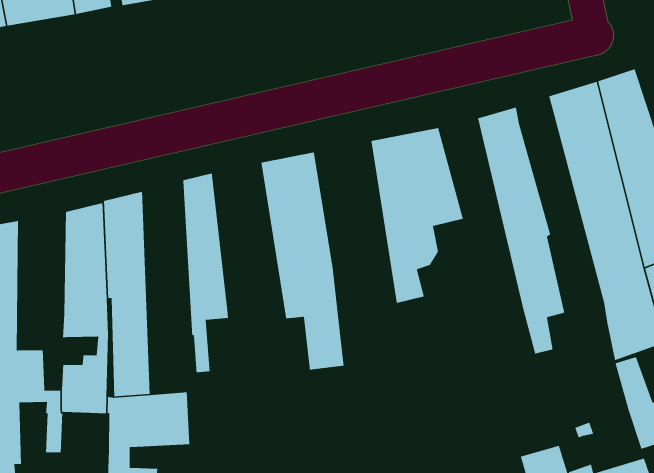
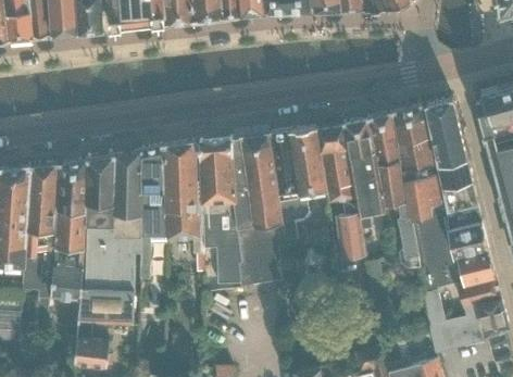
building: none -> [371,113,420,269]
building: none -> [317,124,364,259]
building: none -> [233,134,280,288]
building: none -> [163,142,204,274]
building: none -> [110,151,142,292]
building: none -> [23,165,59,285]

